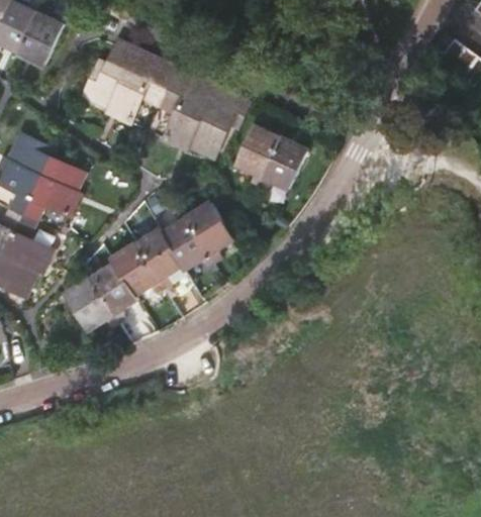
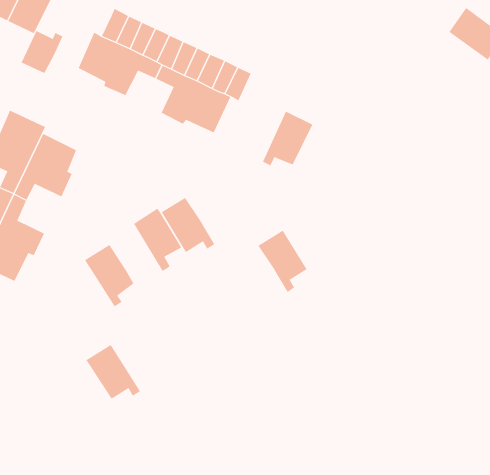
building: none -> [21,30,63,74]
building: [236,124,280,185] -> none
building: [185,203,232,263] -> [257,230,308,293]
building: [110,243,163,295] -> none
building: [65,278,117,330] -> [86,344,141,400]

